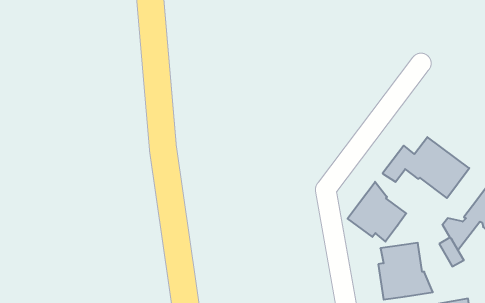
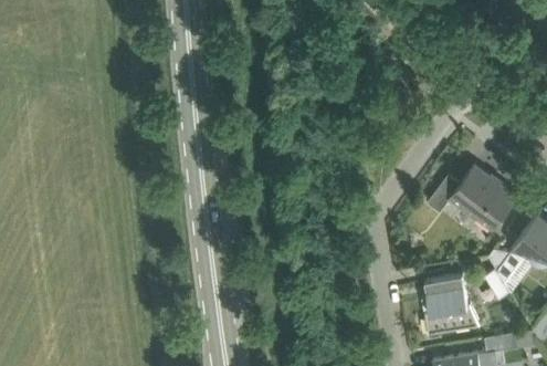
building: [348,182,406,242] -> none

